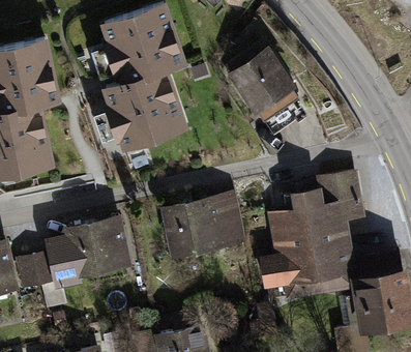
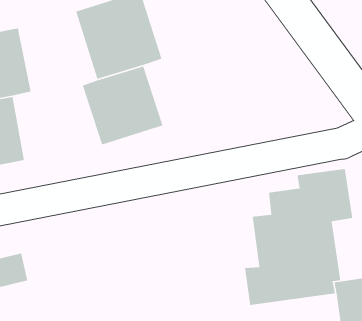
building: [223,49,293,119] -> none
building: [160,194,243,257] -> none
building: [52,215,130,280] -> none

